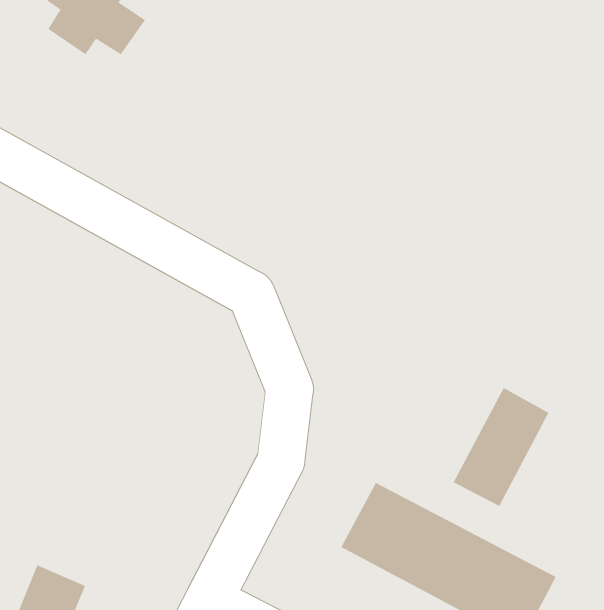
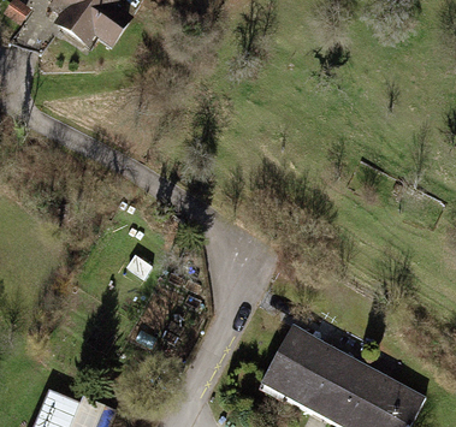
building: [453,387,549,507] -> none

